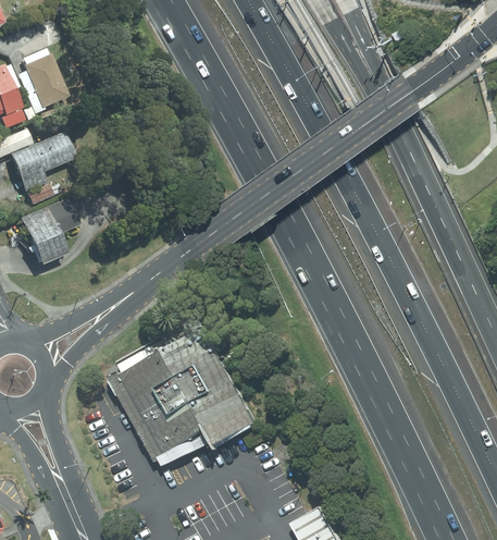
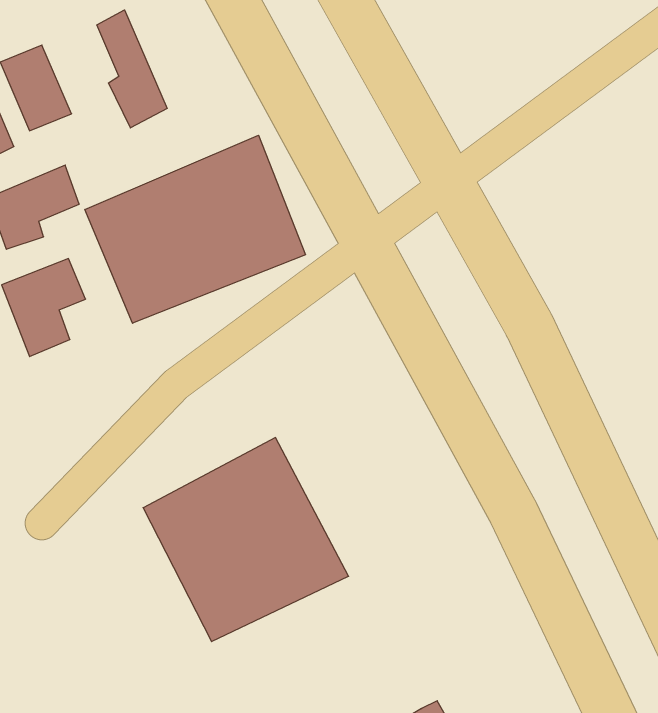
building: none -> [97,10,167,128]
building: none -> [85,135,306,323]

